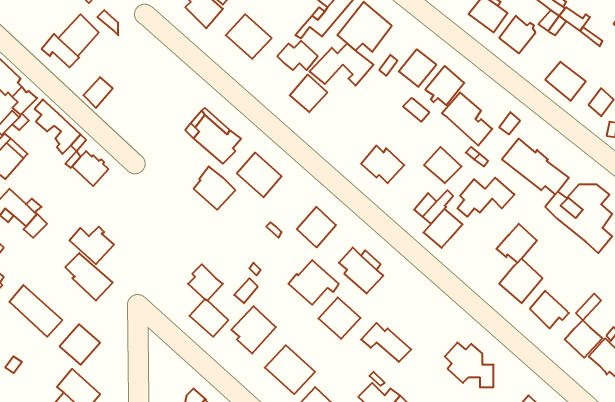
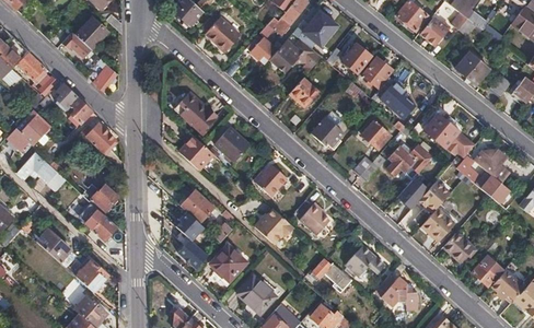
building: [290,75,327,112] -> [288,78,317,107]
building: [423,209,463,248] -> [397,177,428,208]
building: none -> [178,189,212,223]
building: [318,297,361,339] -> none
building: none -> [345,242,384,273]

